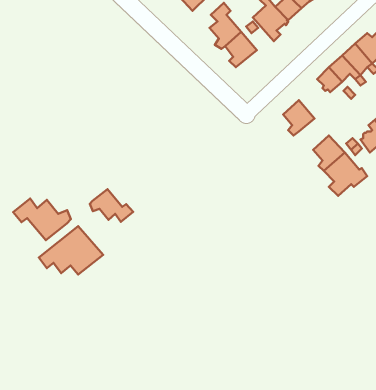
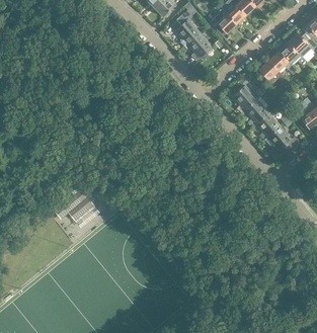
building: none -> [245,96,268,127]
building: [90,189,133,222] -> none
building: [13,199,71,240] -> none

